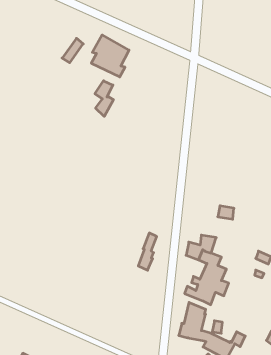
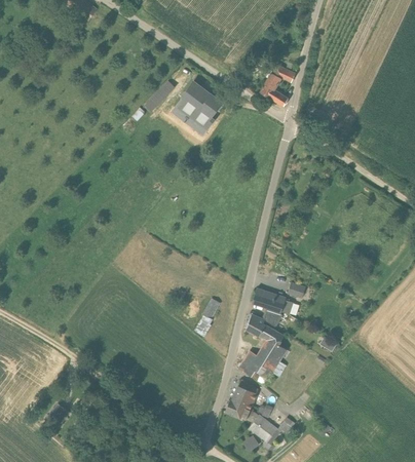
building: none -> [259,65,294,106]
building: [95,81,113,116] -> none
building: none -> [251,287,292,313]

